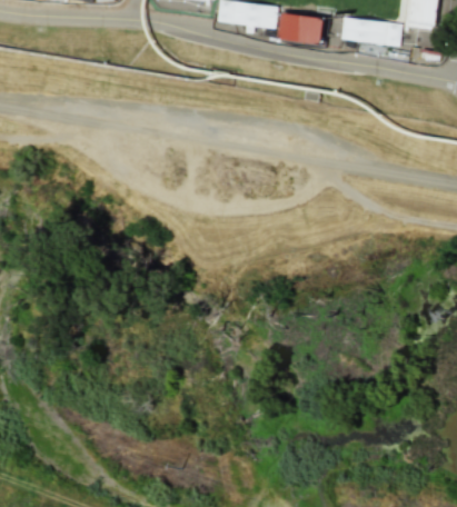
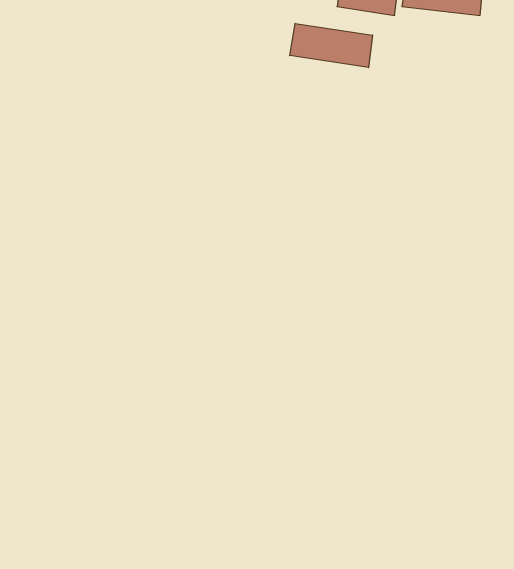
building: none -> [290,23,372,68]

